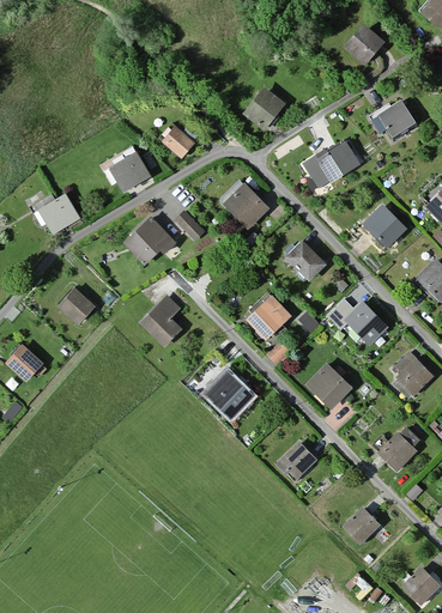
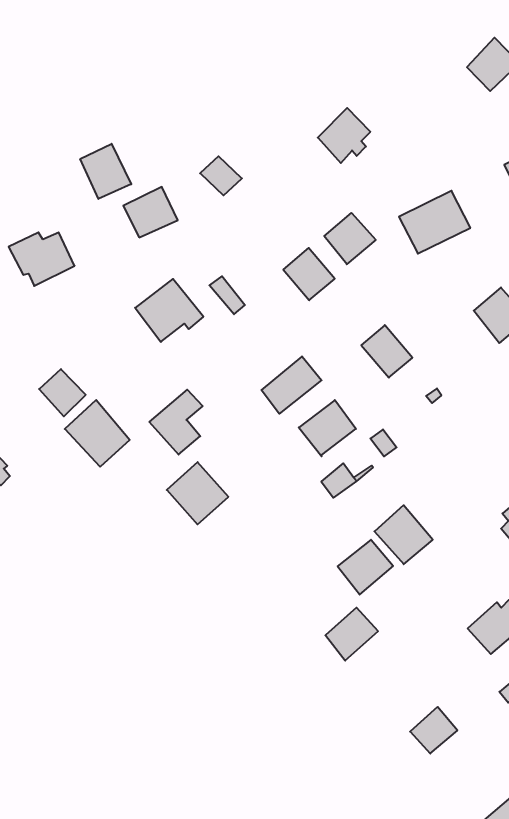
building: none -> [80,144,131,199]
building: none -> [324,213,376,264]
building: none -> [261,356,322,414]
building: [328,301,387,345] -> none
building: none -> [65,400,130,467]
building: [207,370,252,414] -> [167,462,228,524]
building: none -> [338,540,393,595]

